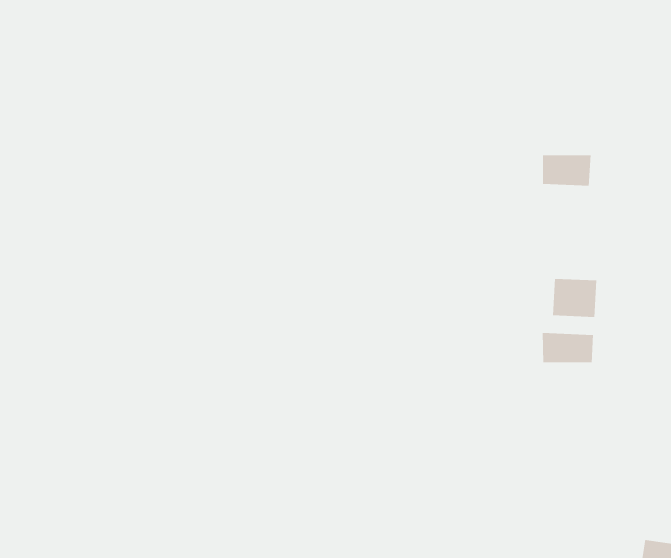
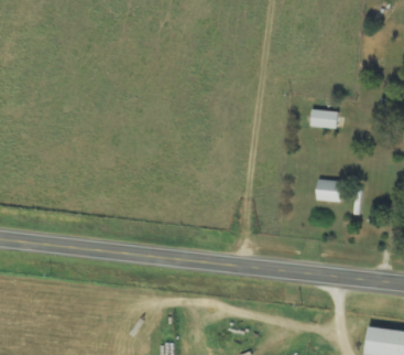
building: [542,332,593,363] -> none

